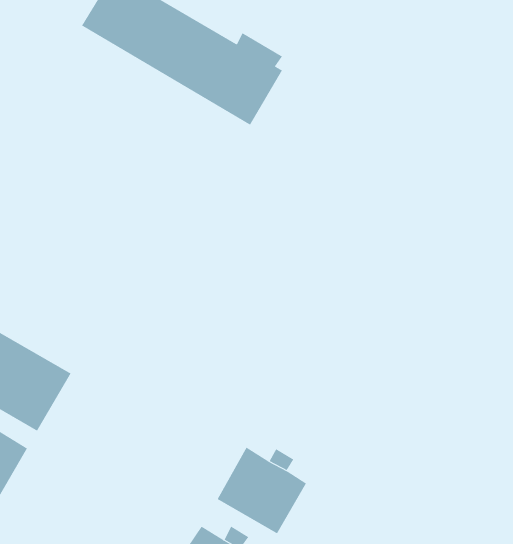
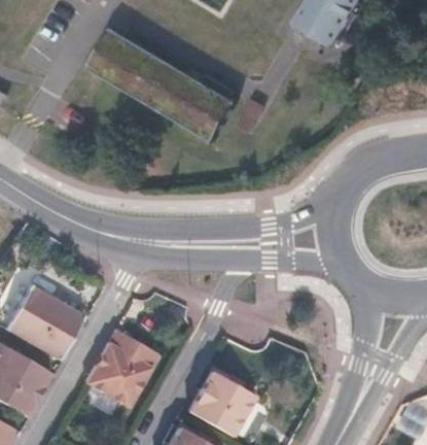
building: none -> [84,333,159,412]

